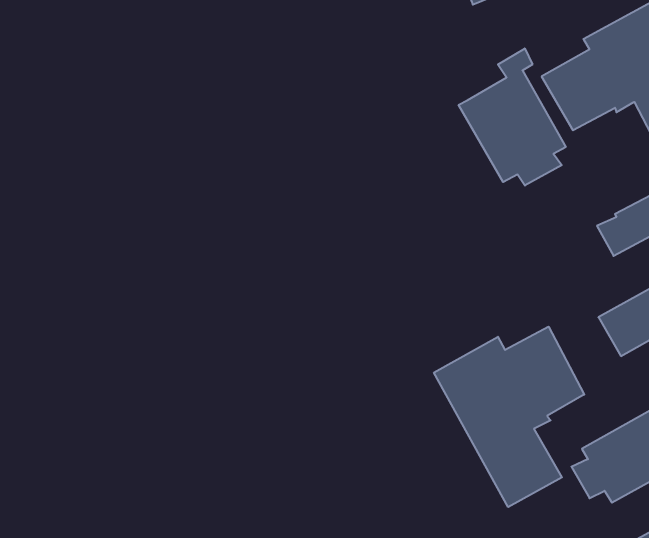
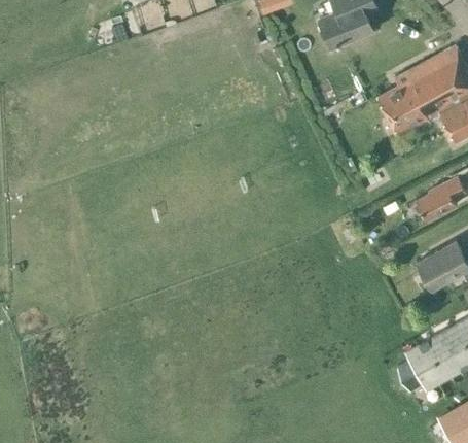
building: [459,48,566,186] -> none
building: [434,327,584,507] -> none

